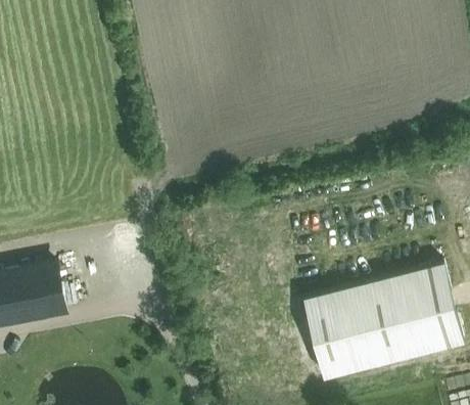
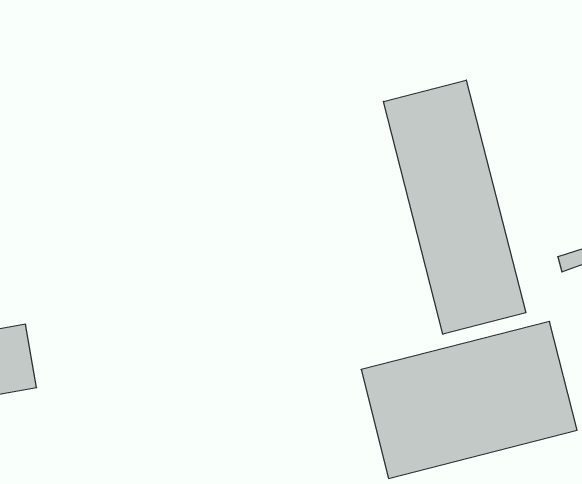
building: none -> [383,80,526,334]

